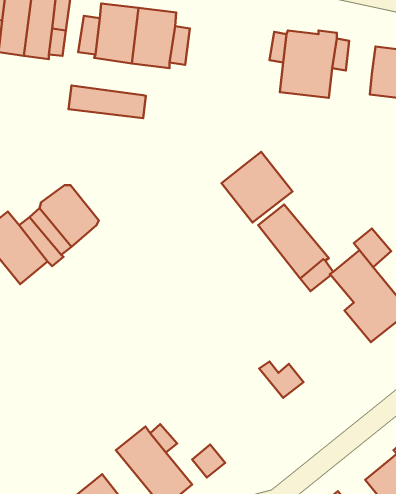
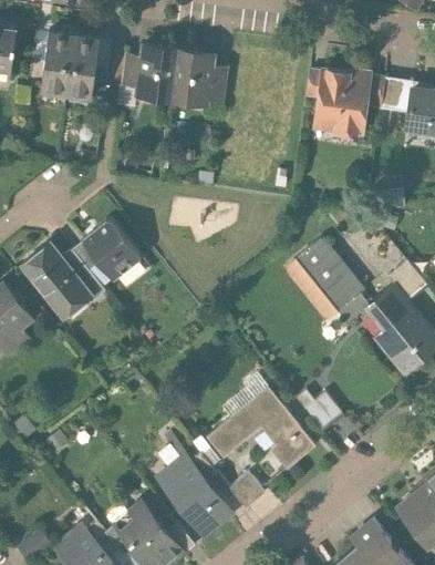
building: none -> [380,80,410,112]
building: [69,86,146,118] -> none
building: [222,152,292,223] -> none
building: none -> [206,387,314,469]

